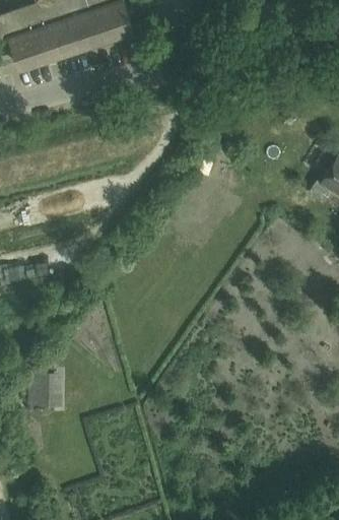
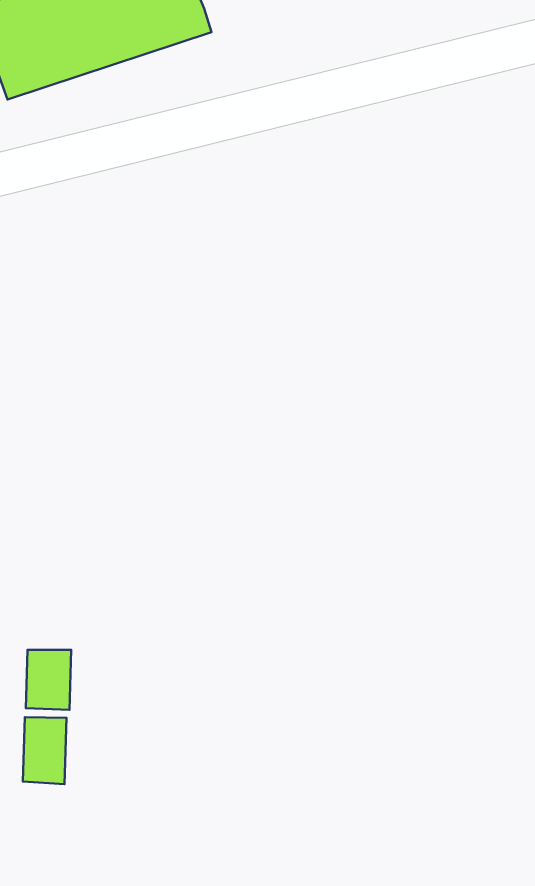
building: none -> [23,717,67,784]

